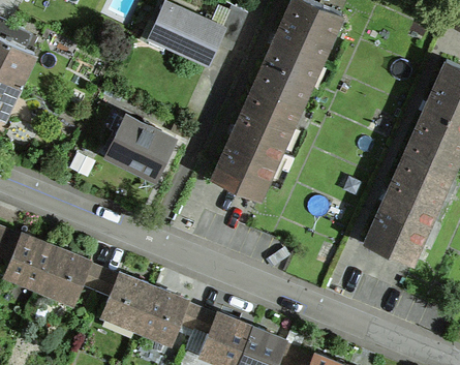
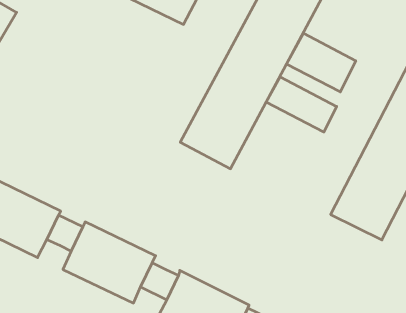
building: none -> [286,33,356,92]
building: none -> [266,77,337,132]
building: [102,116,177,186] -> none

